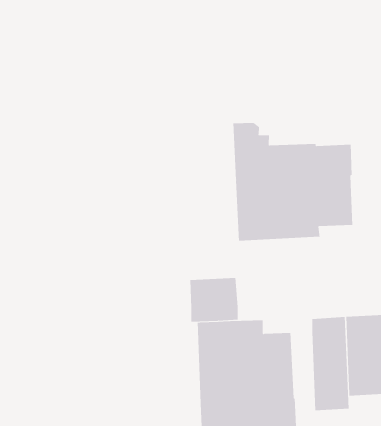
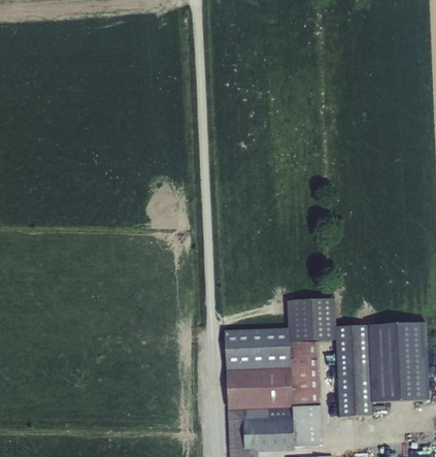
building: [233,122,353,241] -> none
building: [190,278,238,322] -> [288,298,335,341]

